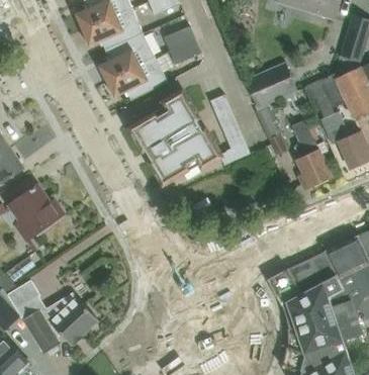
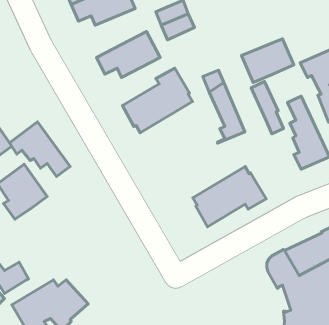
building: [98,34,155,82] -> none
building: [149,124,219,183] -> [193,166,266,227]
building: none -> [9,122,70,177]

